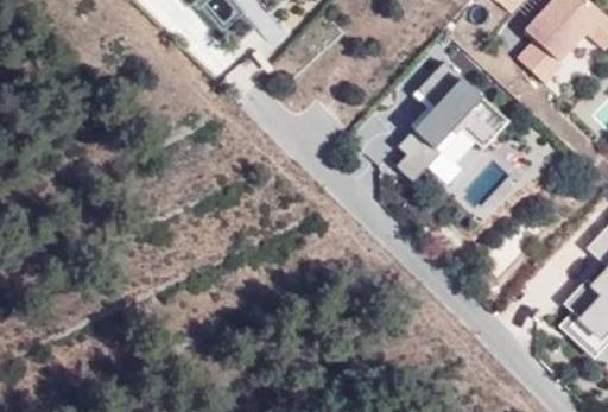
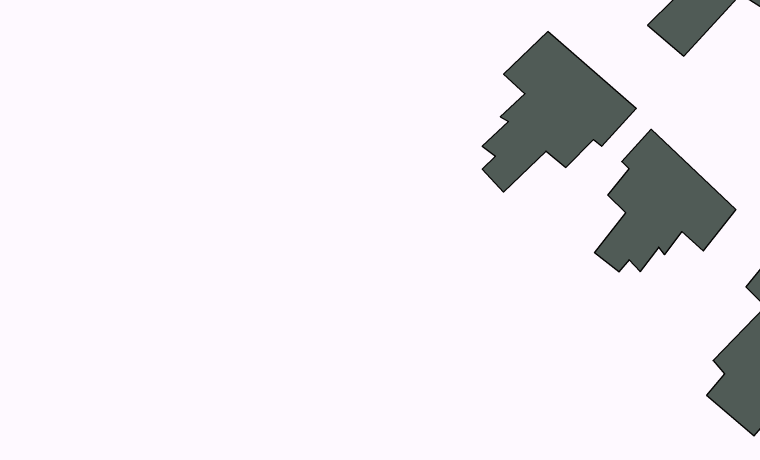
building: none -> [595,129,736,272]

